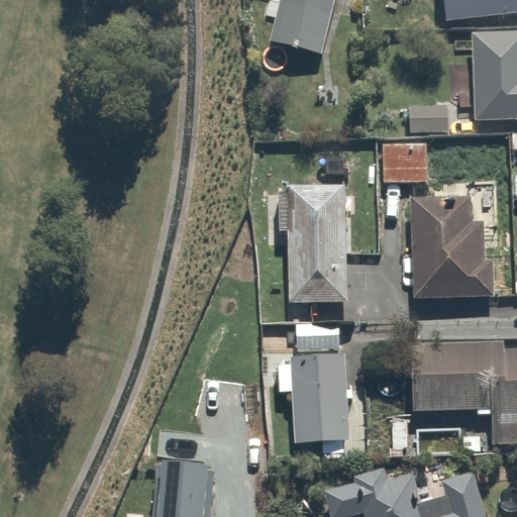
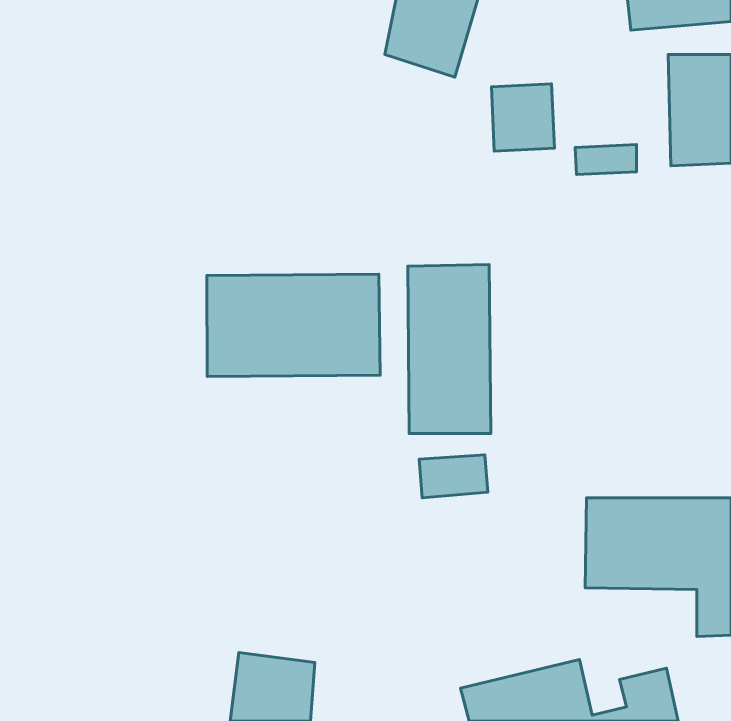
building: [382,134,426,182] -> [491,84,554,151]
building: none -> [207,274,380,377]
building: [411,203,496,295] -> none
building: [284,353,352,457] -> none

